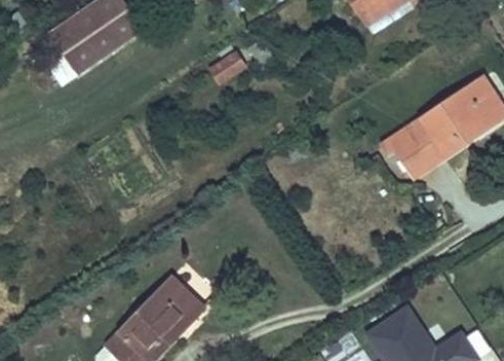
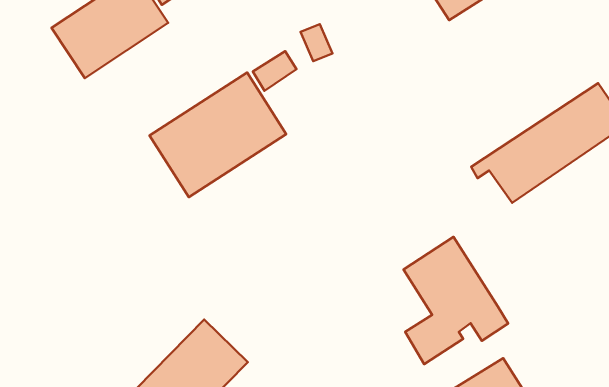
building: none -> [150,73,286,197]
building: none -> [403,237,508,364]

